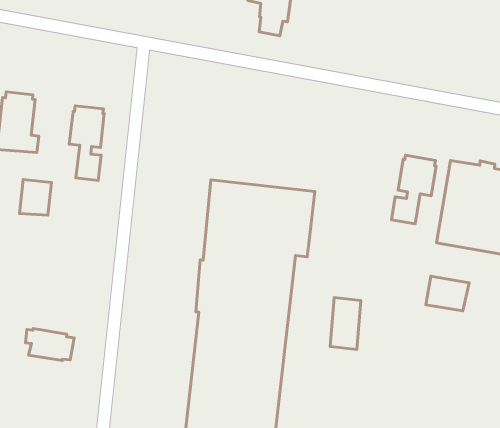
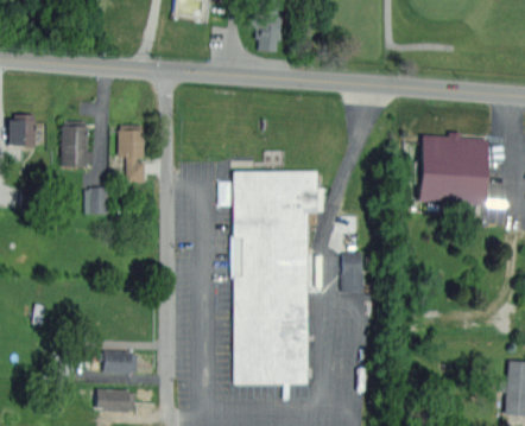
building: [391,155,436,224] -> none
building: [426,276,469,311] -> none
building: [25,329,74,361] -> [100,351,138,374]

